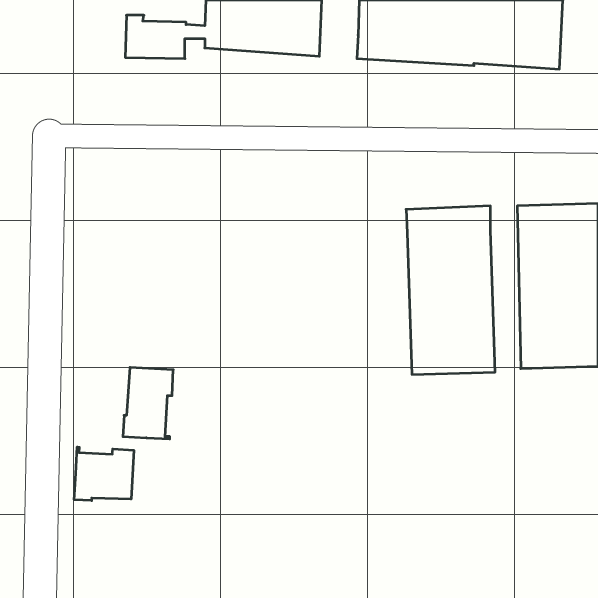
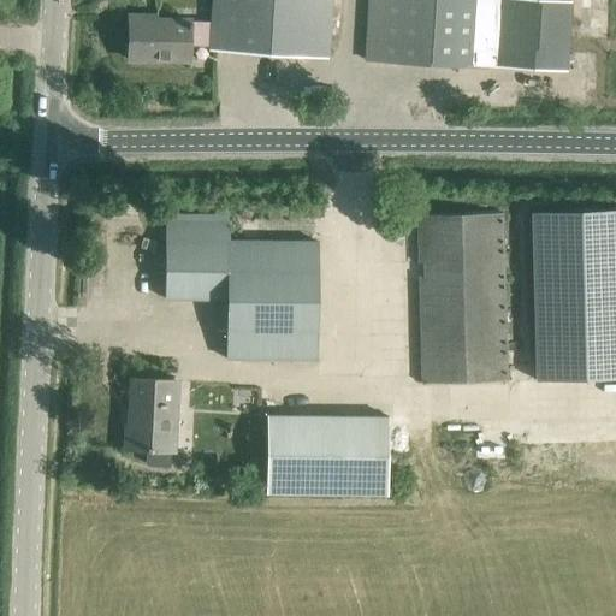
building: none -> [165,221,318,359]
building: none -> [266,415,389,493]
building: [74,447,134,501] -> none

